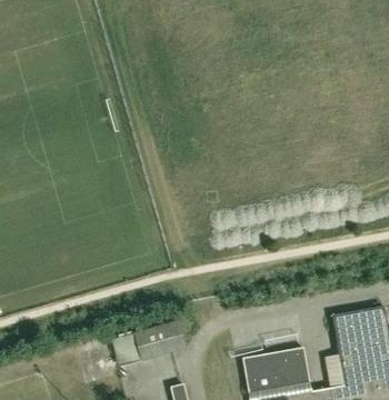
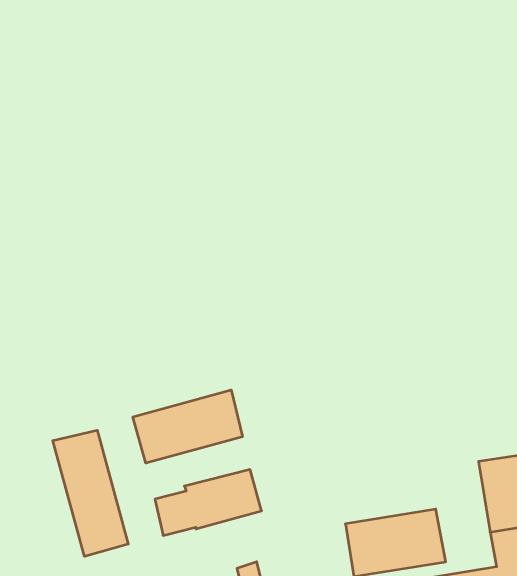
building: none -> [133,390,242,463]
building: none -> [53,430,128,556]

